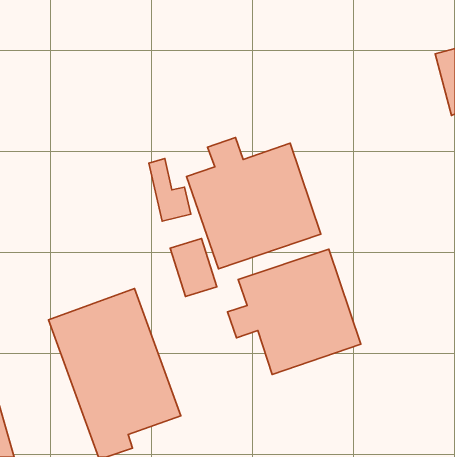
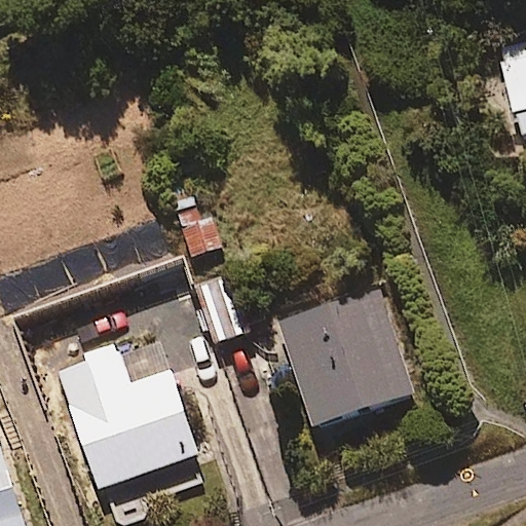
building: [187,138,321,269] -> none

